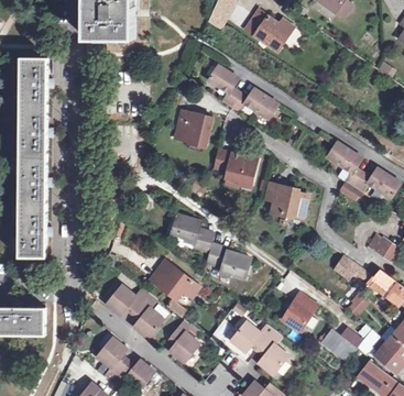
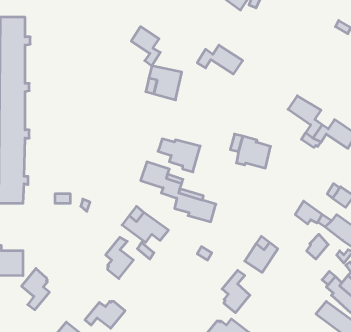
building: [208,65,239,107] -> [131,27,160,66]
building: [214,152,259,187] -> [158,139,200,172]
building: [105,284,148,312] -> none
building: [167,318,198,361] -> none
building: [229,320,273,349] -> none
building: [321,327,356,360] -> none
building: [96,337,125,381] -> [22,268,49,310]

